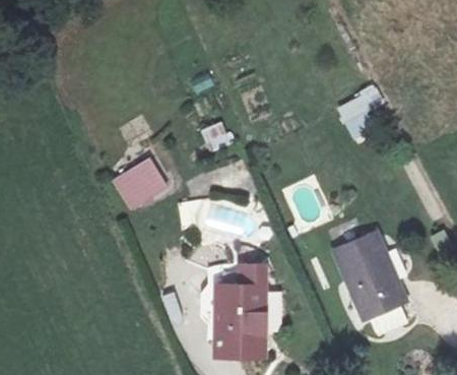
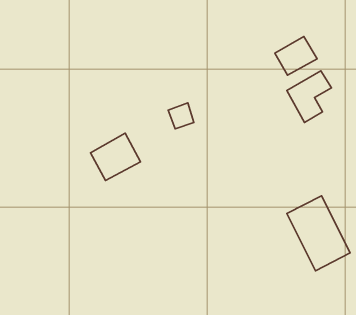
building: none -> [275,36,317,75]
building: [205,273,260,347] -> none

